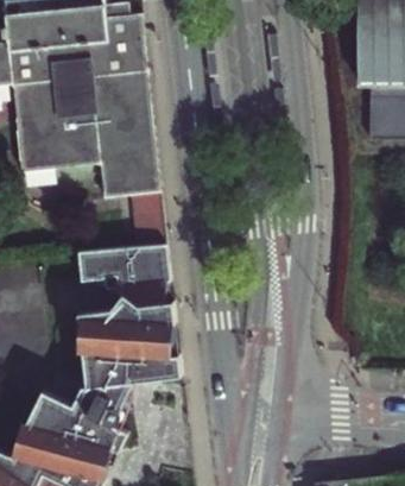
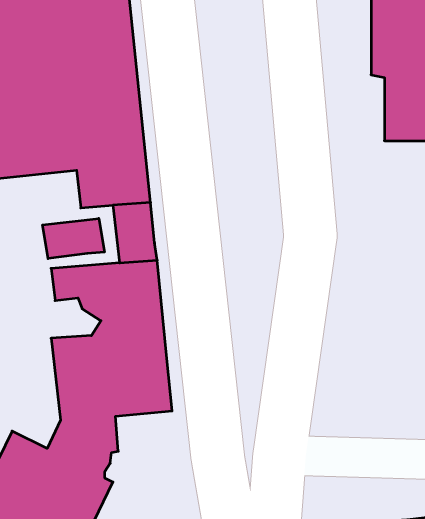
building: none -> [43,218,104,259]

